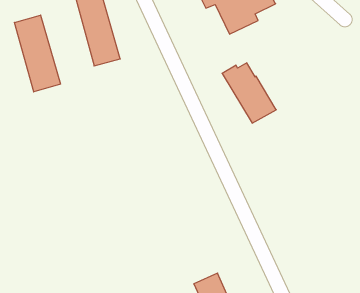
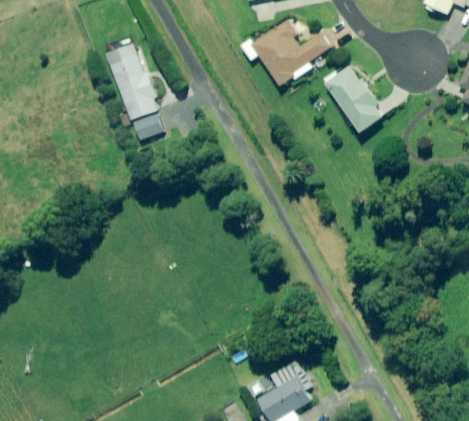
building: [14,15,61,92] -> none
building: [222,63,276,123] -> [322,64,388,132]

